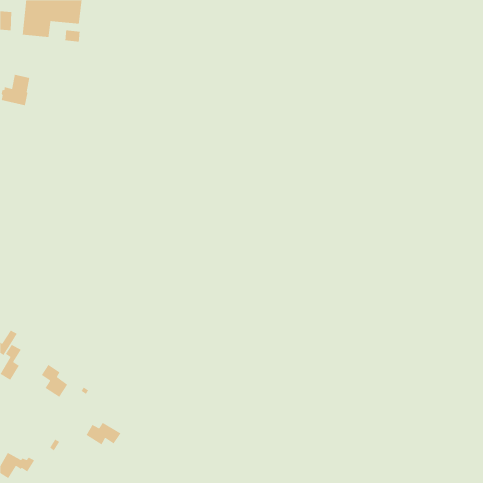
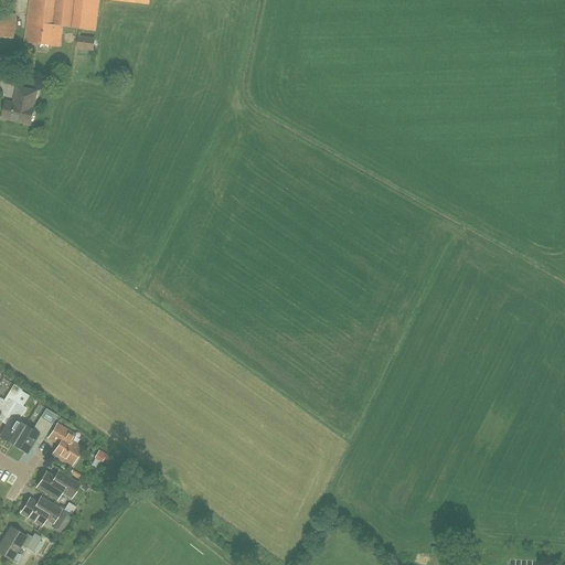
building: none -> [12,411,54,452]
building: [86,422,122,446] -> [36,470,78,498]
building: none -> [20,495,60,523]

